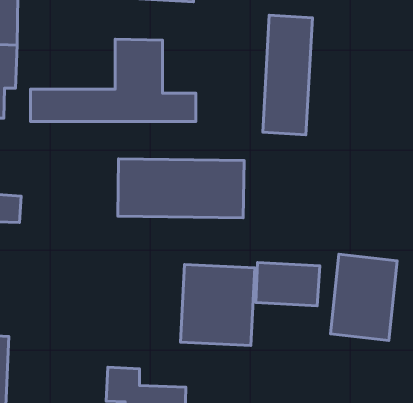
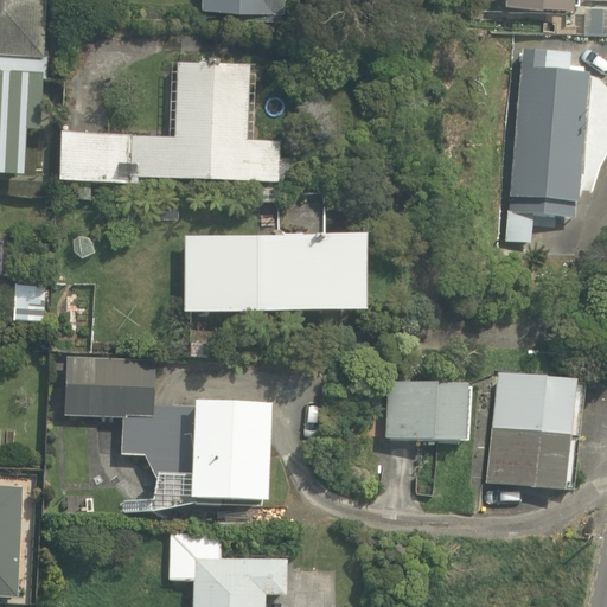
building: [263,15,313,135] -> [511,44,582,215]
building: none -> [68,358,269,507]
building: [180,265,255,345] -> none

